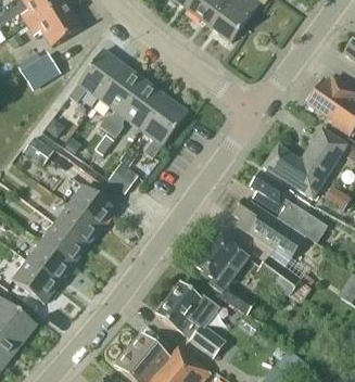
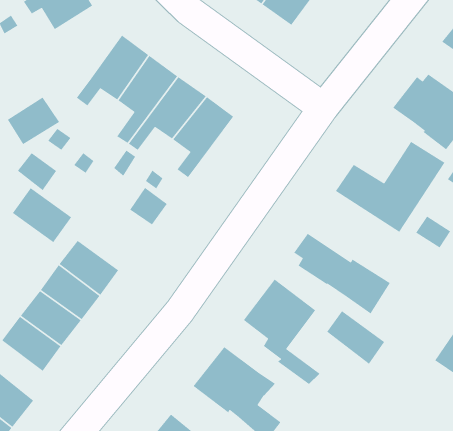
building: [21,53,61,90] -> [7,96,60,145]
building: [251,171,327,242] -> none
building: [68,183,114,226] -> [12,187,72,243]

